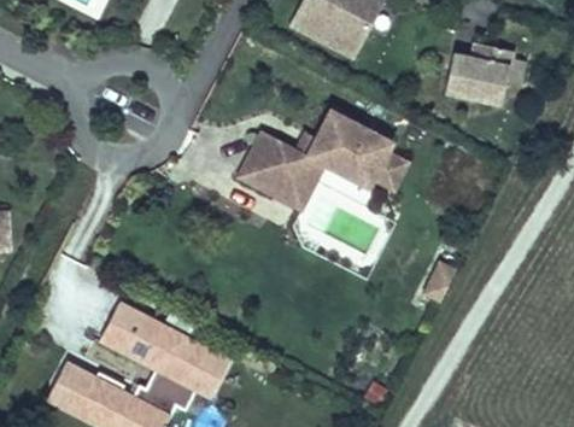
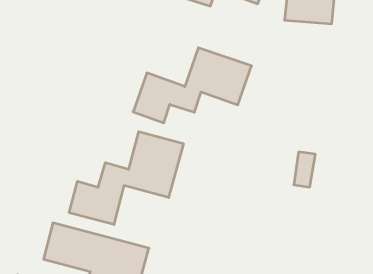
building: none -> [69,132,183,225]

